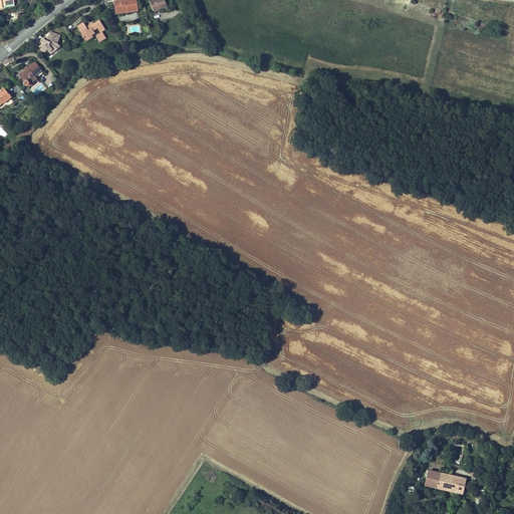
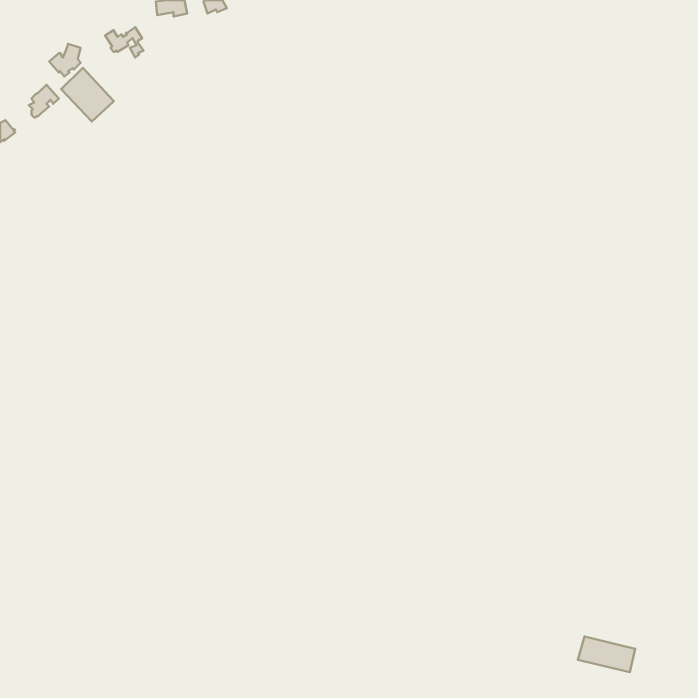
building: none -> [61,68,114,122]

